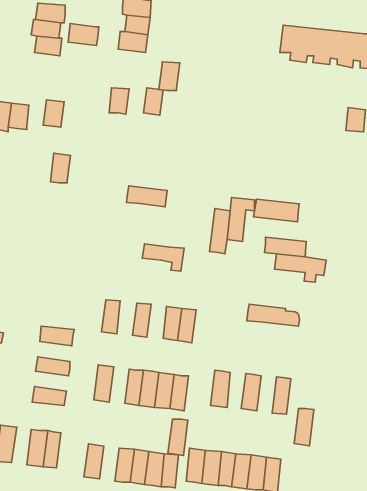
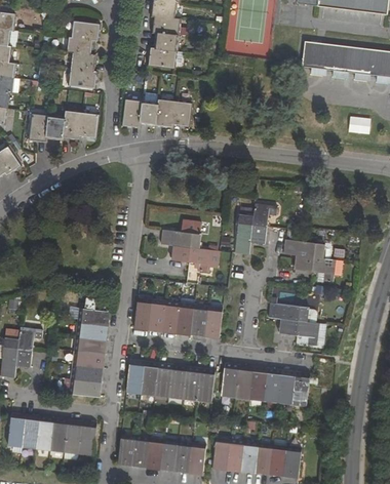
building: [68,24,99,46] -> [69,68,98,88]
building: [159,62,180,90] -> [156,99,176,126]
building: none -> [123,98,143,127]
building: [51,153,70,183] -> [64,110,82,137]
building: [126,186,167,207] -> [161,230,199,249]
building: [254,199,299,222] -> none
building: none -> [148,299,166,331]
building: none -> [176,302,194,334]
building: none -> [77,308,110,326]
building: none -> [279,319,319,346]
building: none -> [74,337,106,356]
building: none -> [141,361,159,395]
building: none -> [71,365,103,384]
building: none -> [250,366,268,400]
building: [294,408,314,446] -> [278,369,297,404]
building: [168,419,188,455] -> [221,363,239,397]
building: none -> [49,417,68,452]
building: none -> [131,435,150,468]

